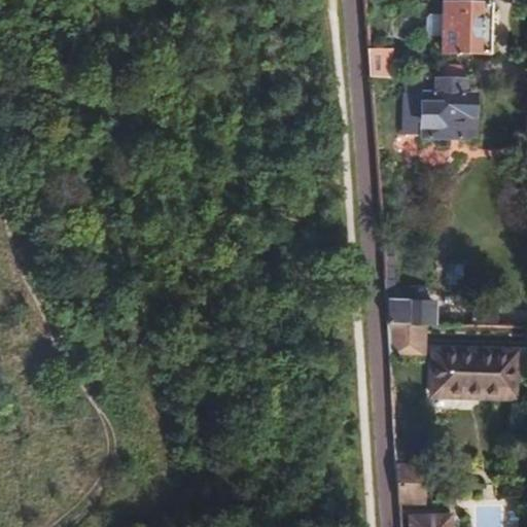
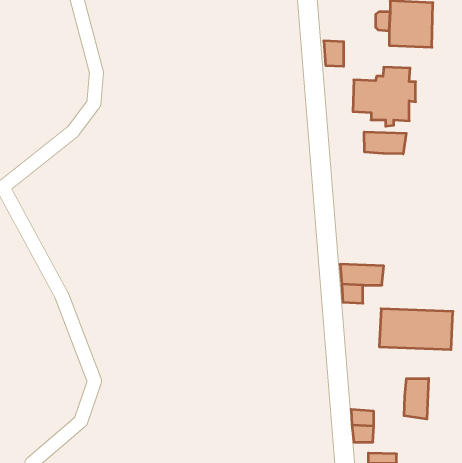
building: none -> [364,132,406,154]
building: none -> [404,378,429,419]

